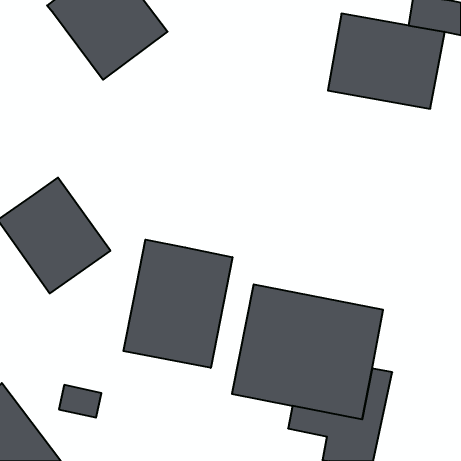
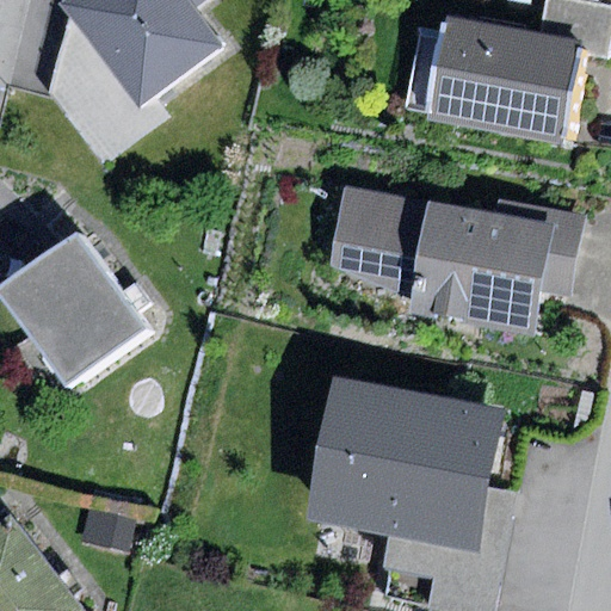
building: none -> [47,16,136,142]
building: none -> [329,186,582,333]
building: [123,240,232,368] -> none

